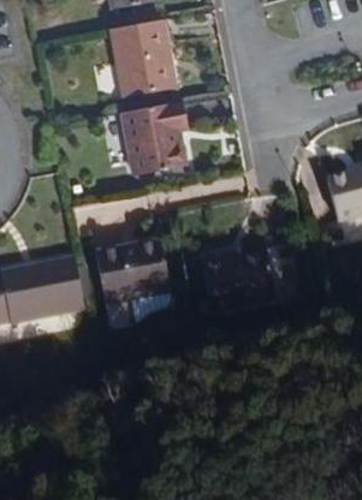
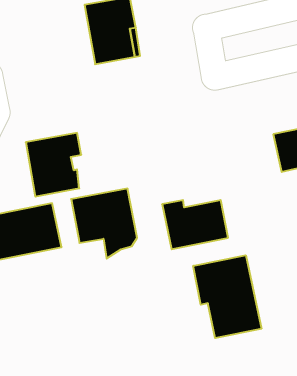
building: [123,101,186,174] -> [26,133,81,197]
building: none -> [193,255,261,338]

